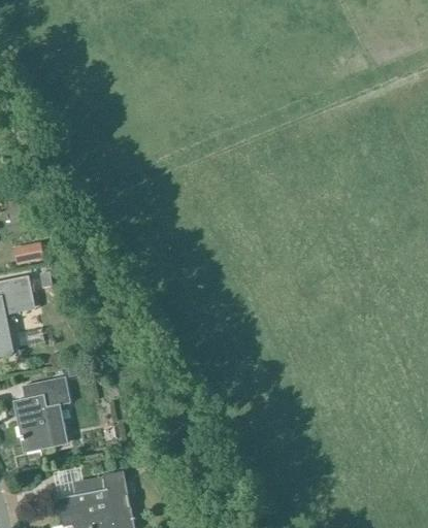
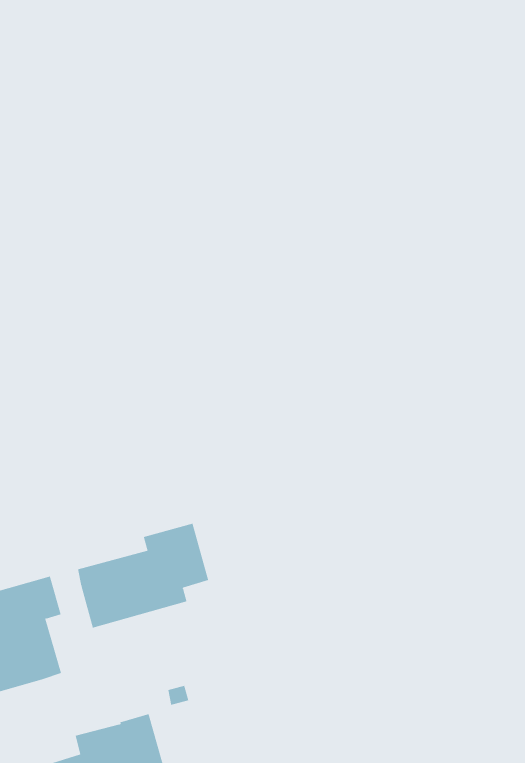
building: none -> [78,523,209,628]

